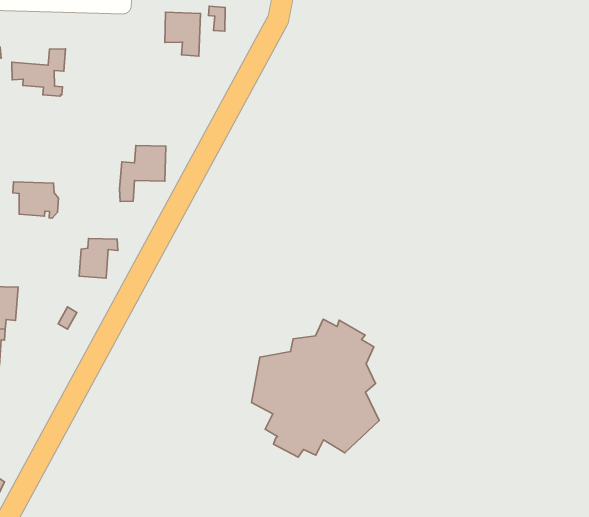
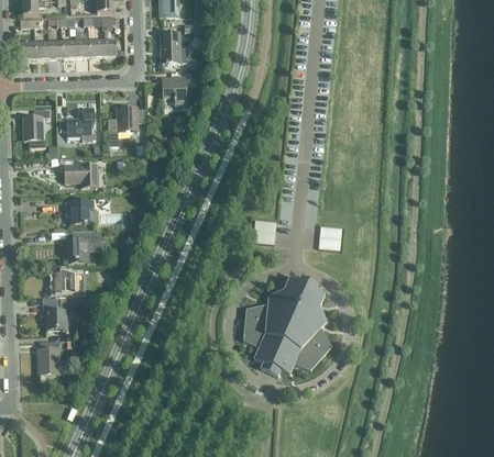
building: none -> [65,163,99,186]
building: [120,146,166,202] -> [109,104,140,145]
building: [79,239,118,278] -> [68,231,94,258]

